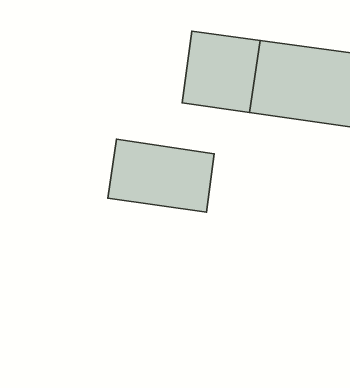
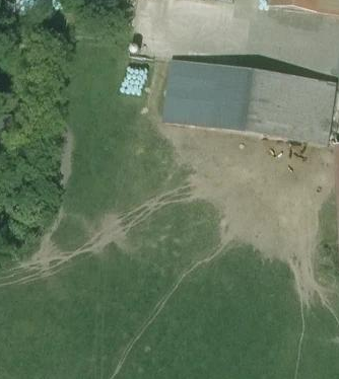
building: [108,139,214,212] -> none

